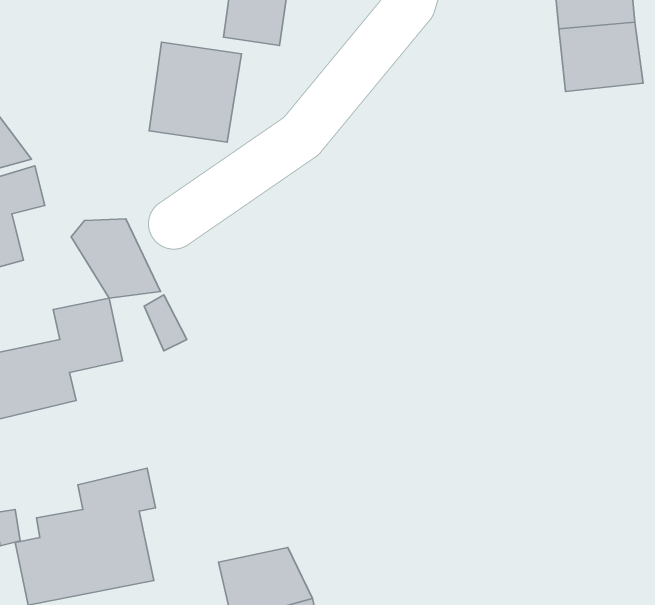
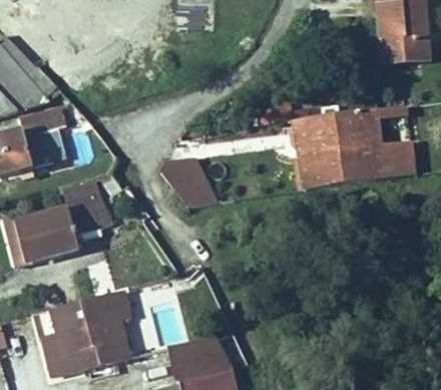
building: [149,42,241,142] -> none
building: none -> [305,103,411,175]
building: [71,219,161,298] -> [163,157,217,206]

